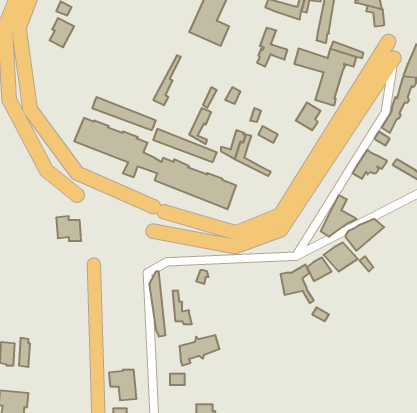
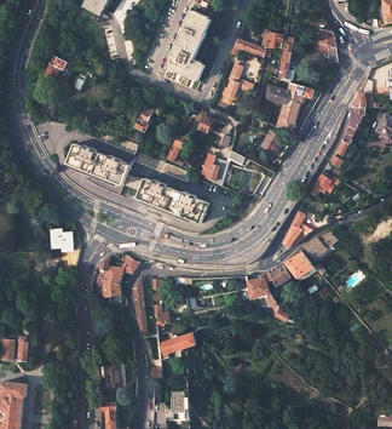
building: none -> [99,254,140,297]

